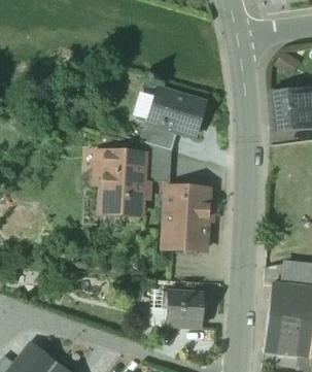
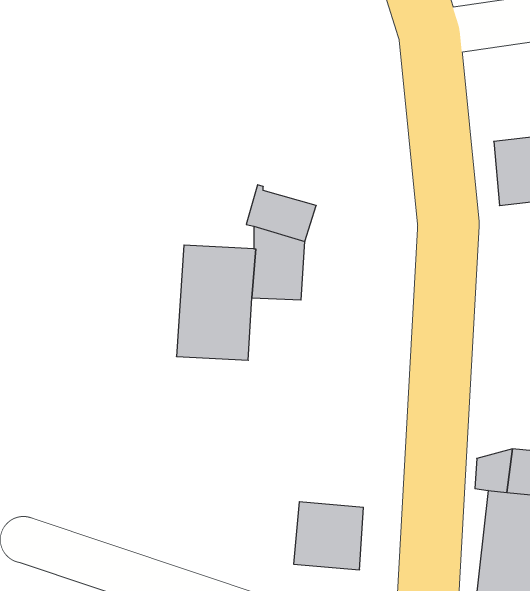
building: [149,89,205,134] -> none
building: [164,187,209,249] -> none

